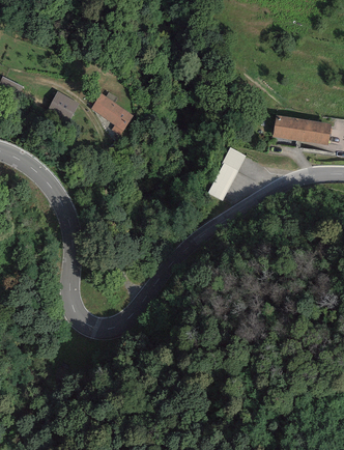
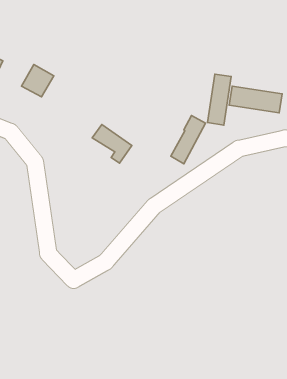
building: [90,94,134,137] -> [92,125,132,163]
building: none -> [208,74,231,125]

